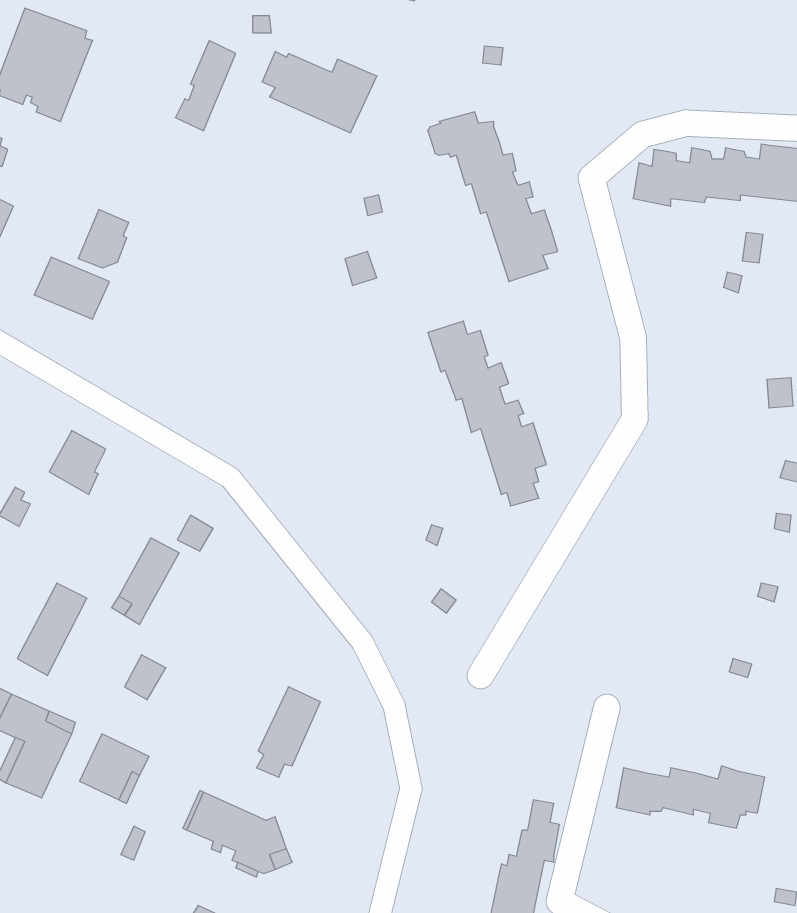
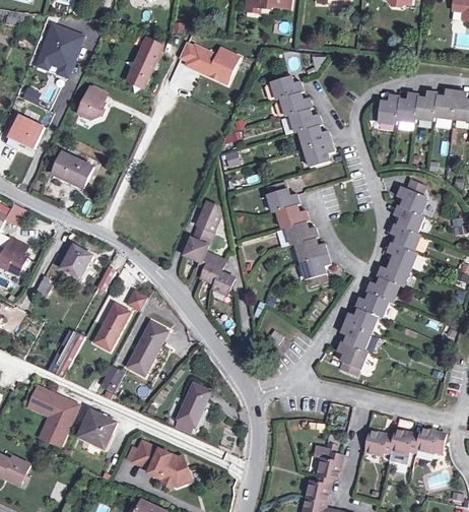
building: [78,209,129,268] -> [80,85,108,117]
building: none -> [336,186,425,373]
building: none -> [180,200,230,295]
building: none -> [130,322,170,374]

